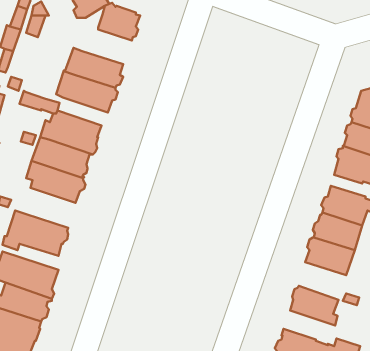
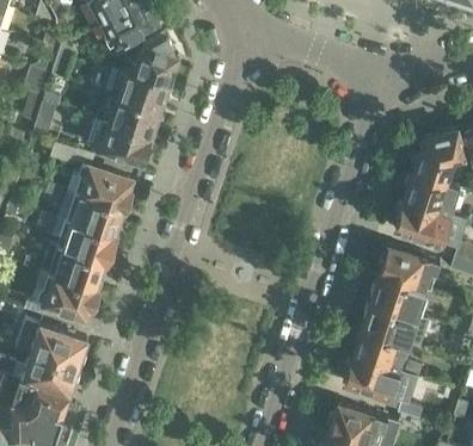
building: none -> [104,69,171,111]
building: none -> [41,246,108,292]
building: none -> [354,330,407,372]

